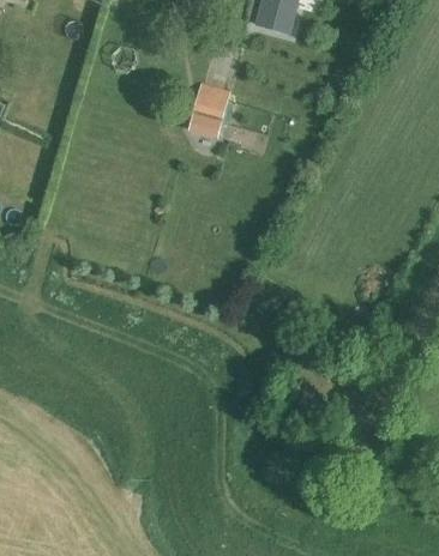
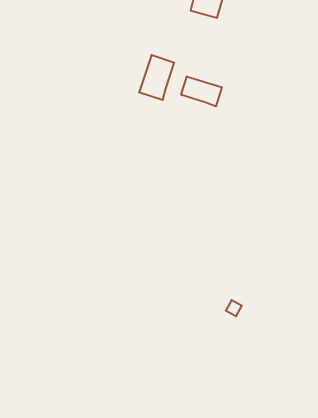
building: none -> [181,76,222,106]

